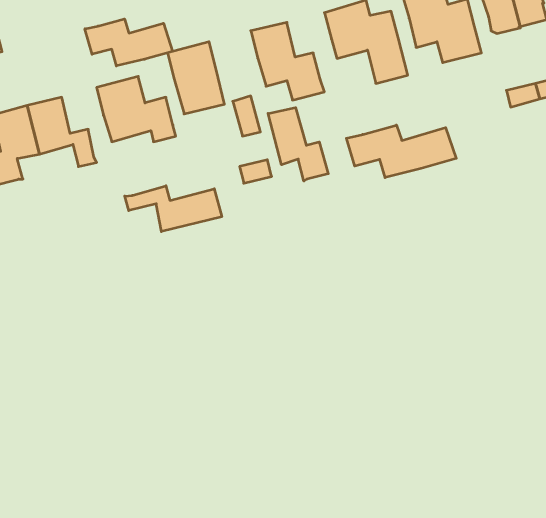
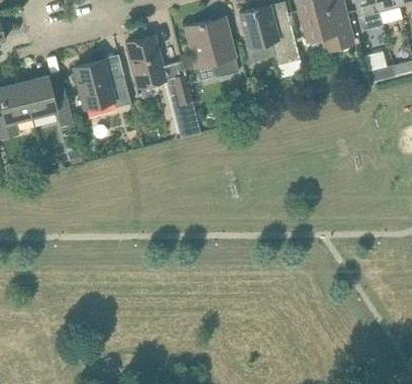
building: [85,19,173,66] -> none
building: [268,108,328,181] -> none
building: [346,125,456,178] -> none
building: [125,186,222,232] -> none

